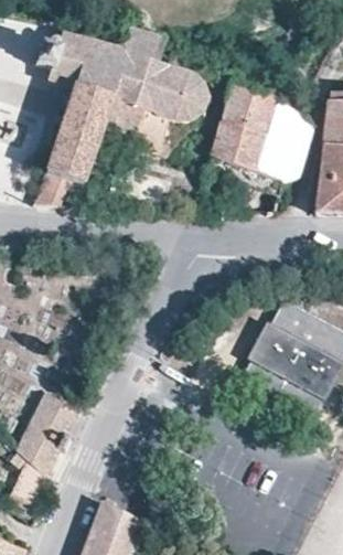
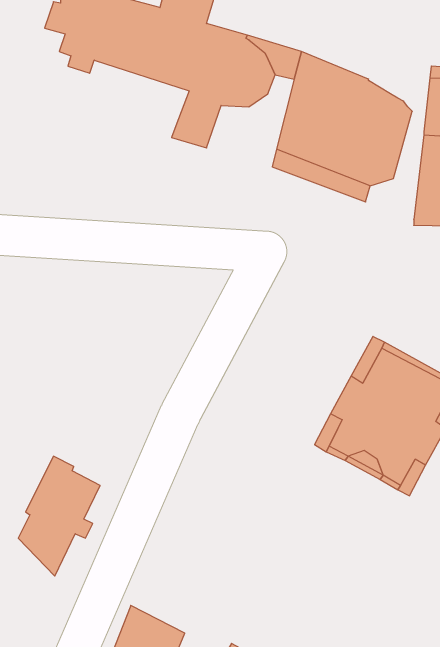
building: [35,86,146,203] -> none

